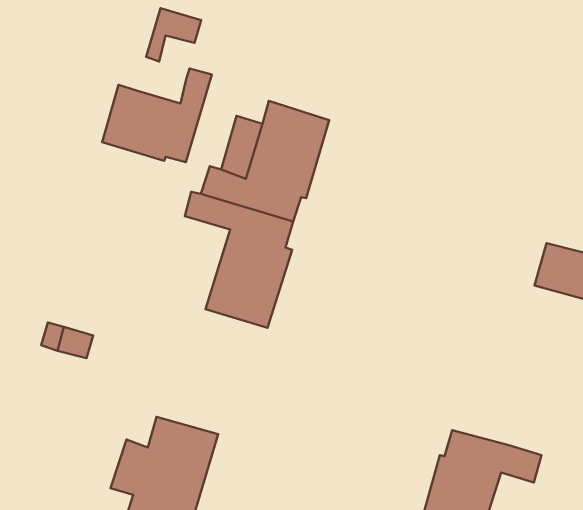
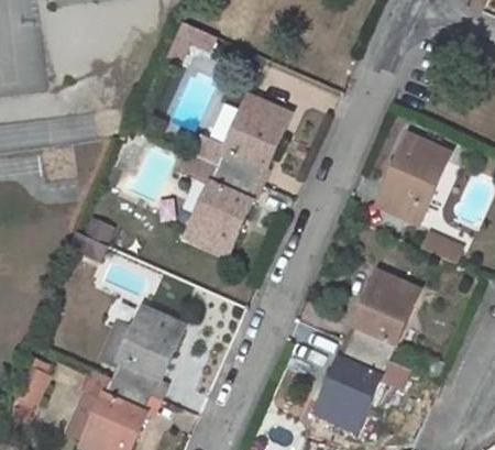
building: [102,69,212,162] -> none
building: none -> [377,136,448,223]
building: none -> [348,271,418,359]

